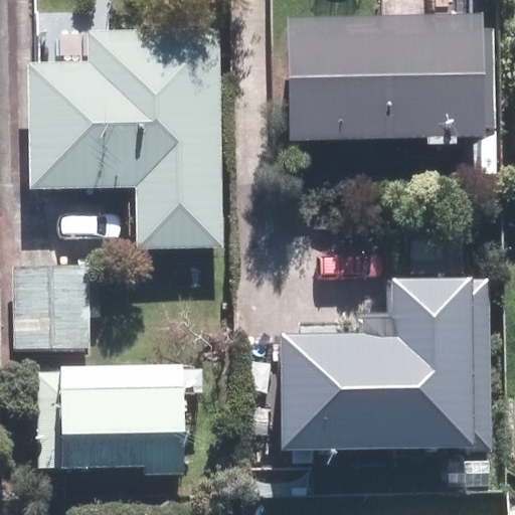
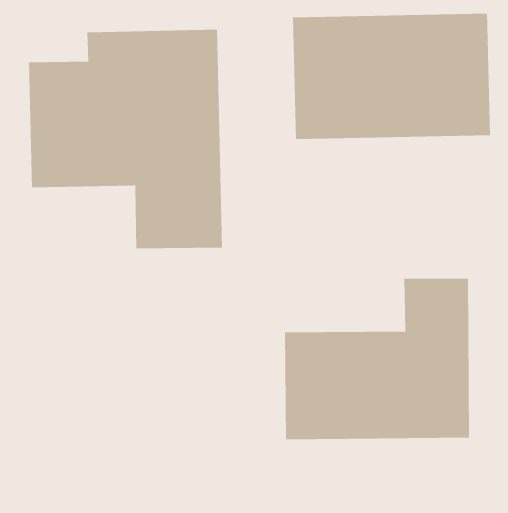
building: [10,266,87,349] -> none
building: [38,368,185,464] -> none

